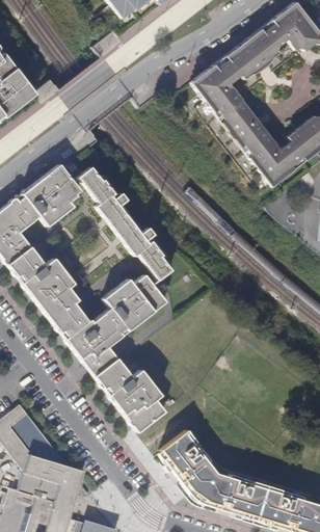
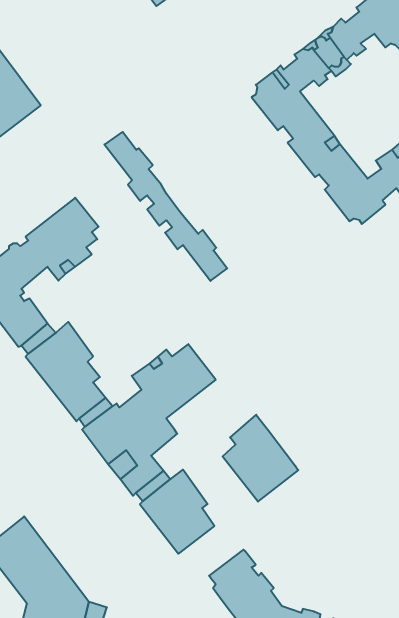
building: [79,167,171,280] -> [104,132,227,281]
building: none -> [223,415,298,502]

